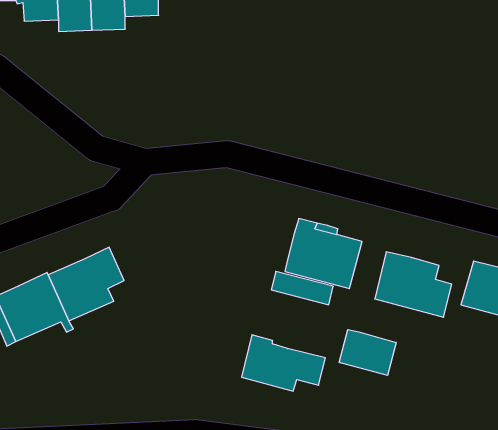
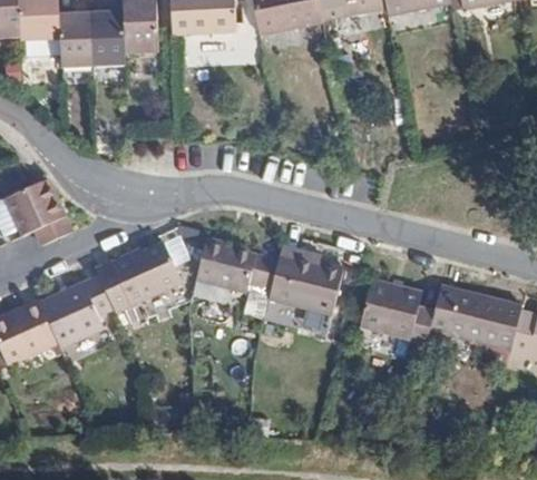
building: none -> [10,184,77,251]
building: none -> [105,245,189,313]
building: [339,330,396,375] -> none
building: [242,335,325,391] -> [205,241,286,295]

